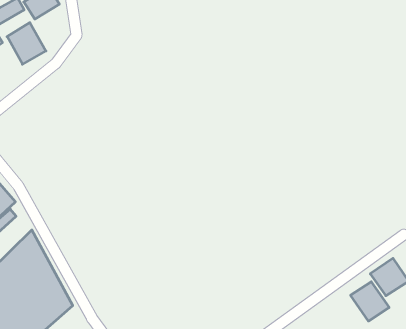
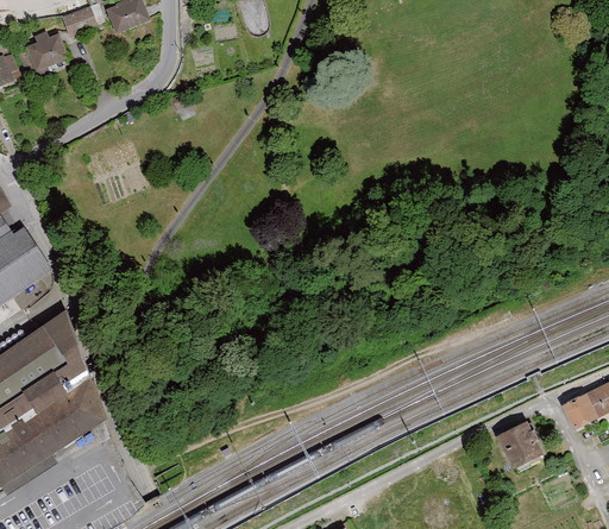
building: [7,23,46,64] -> none
building: [351,282,389,321] -> none

